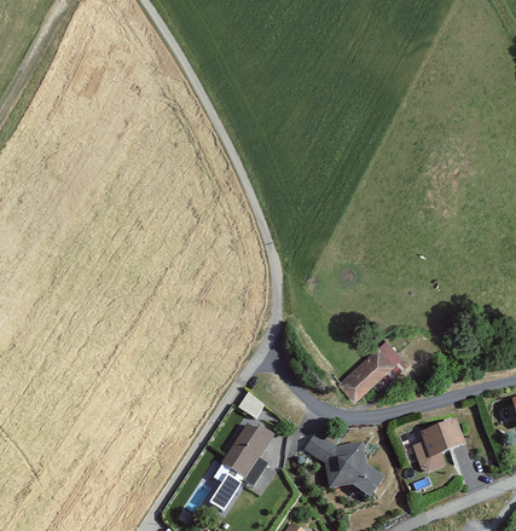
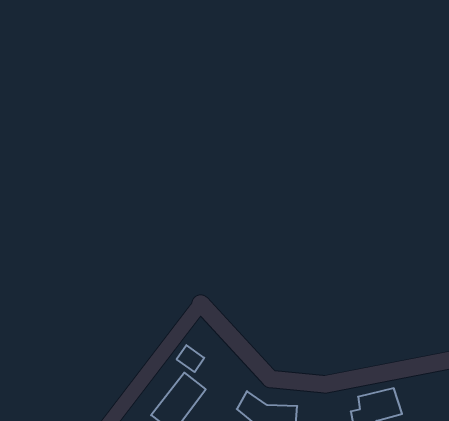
building: [337,339,402,402] -> none

